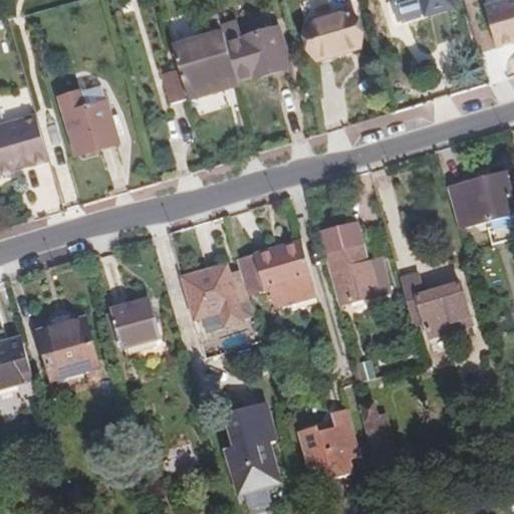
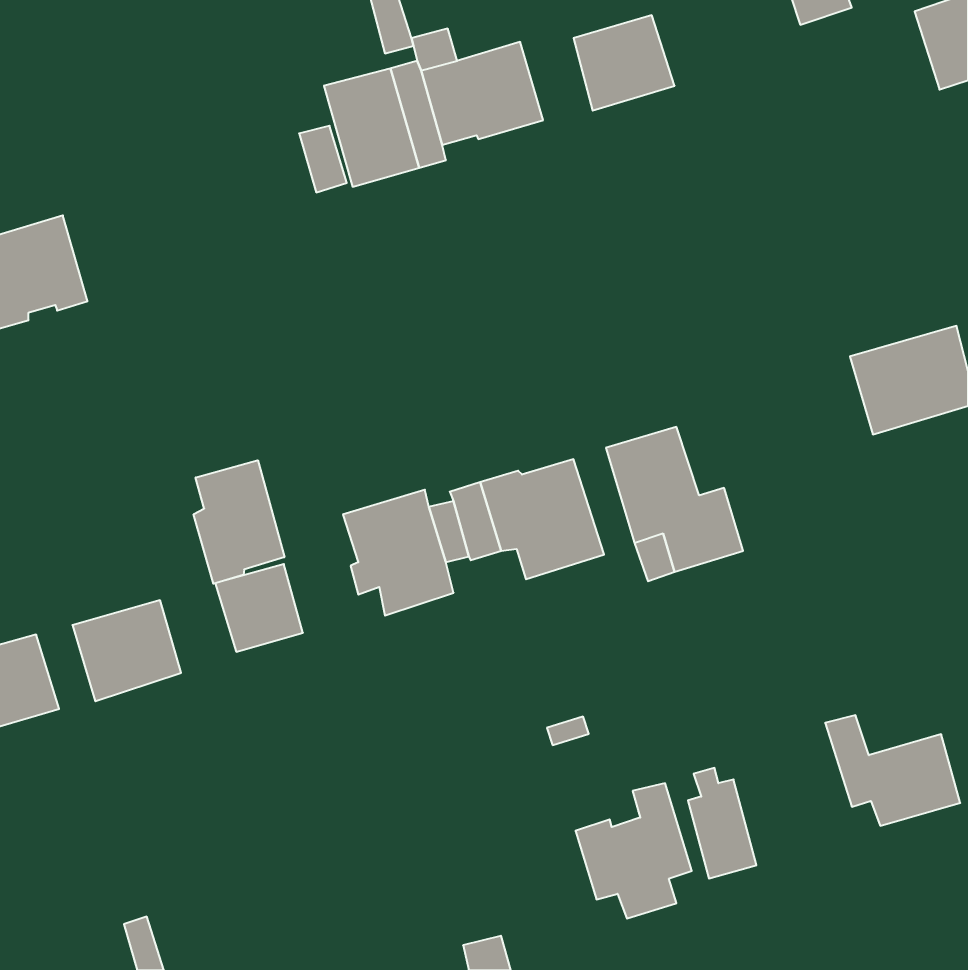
building: [55,83,114,155] -> none
building: none -> [194,460,284,584]
building: [401,273,472,331] -> [825,715,960,826]
building: [224,403,281,495] -> none

